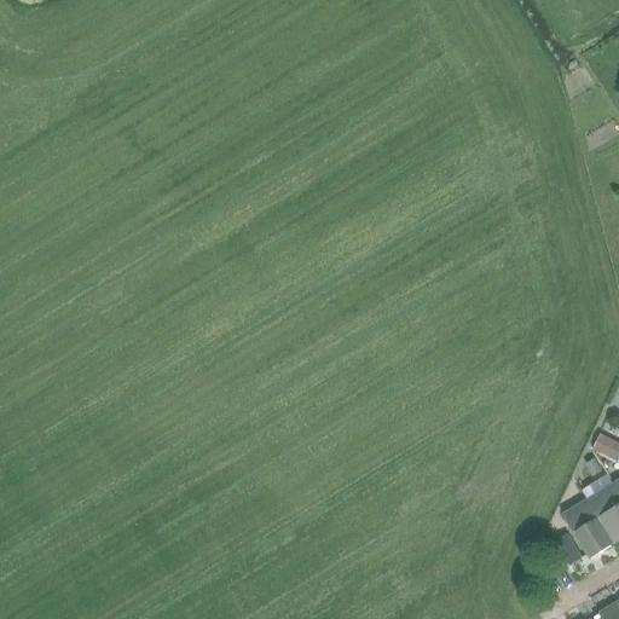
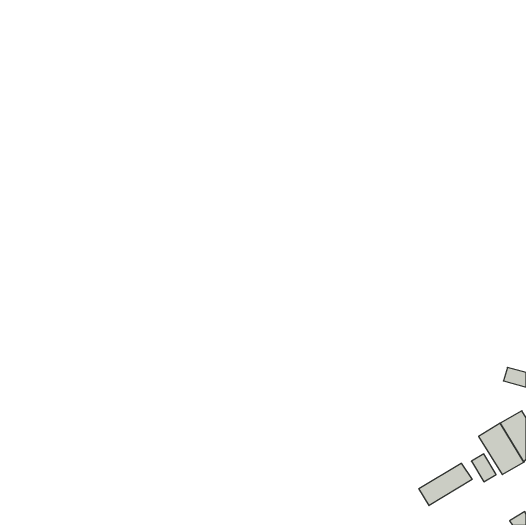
building: none -> [419,463,472,506]

